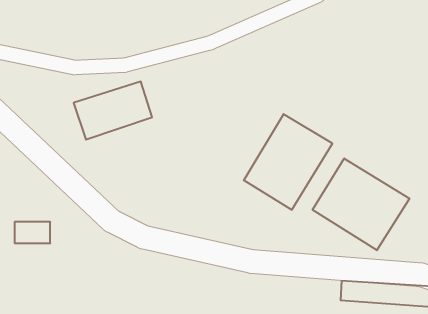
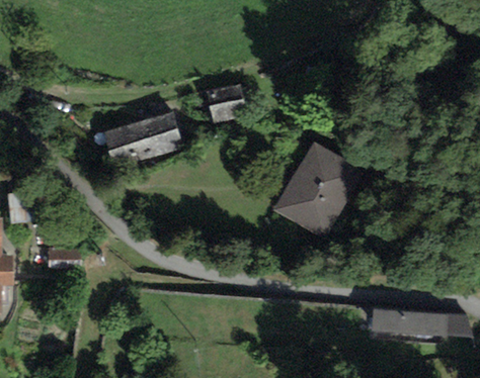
building: none -> [206,83,246,114]
building: [313,158,409,250] -> none

